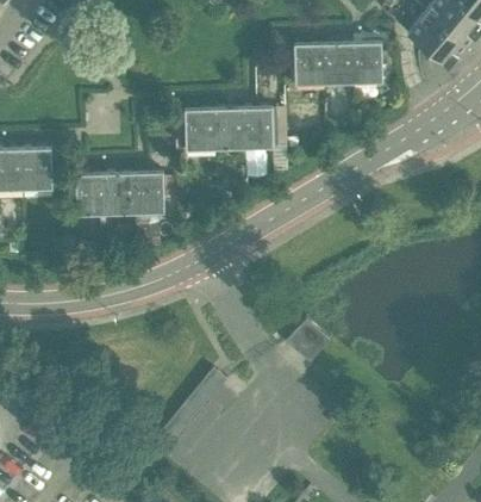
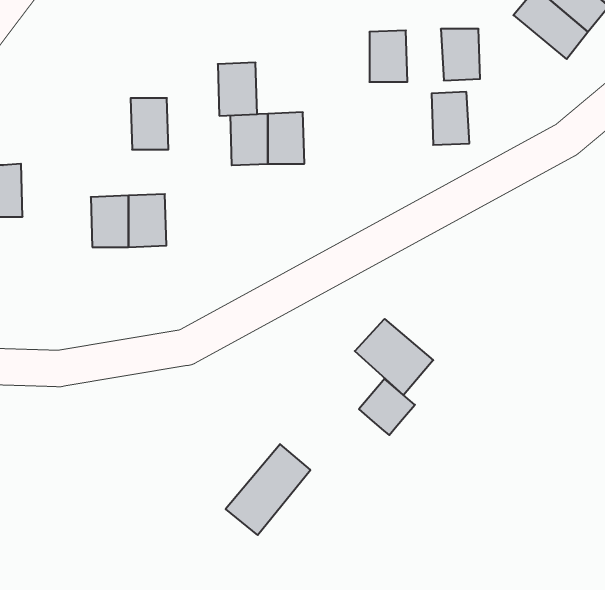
building: [323,42,352,83] -> [432,92,469,145]
building: [242,106,273,148] -> [218,63,257,116]
building: [20,148,51,190] -> none
building: [133,172,163,212] -> [131,98,168,150]
building: none -> [355,319,433,395]

